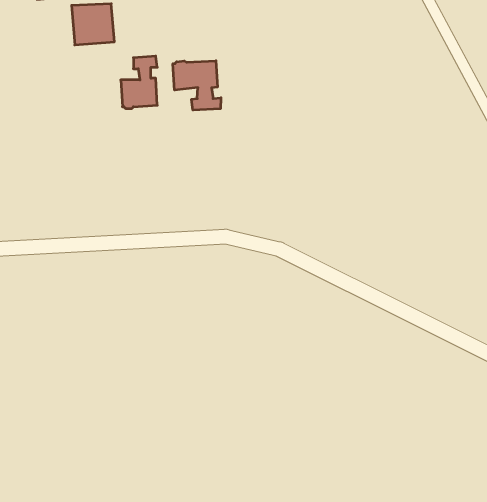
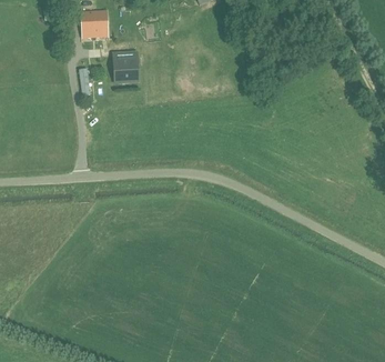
building: [173,61,221,110] -> none

